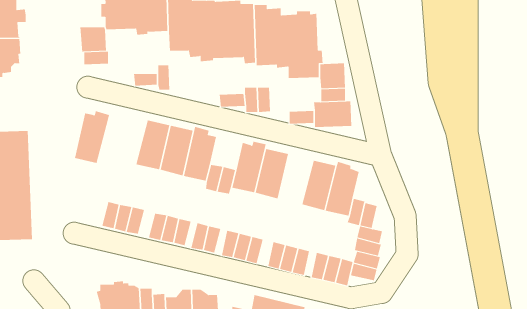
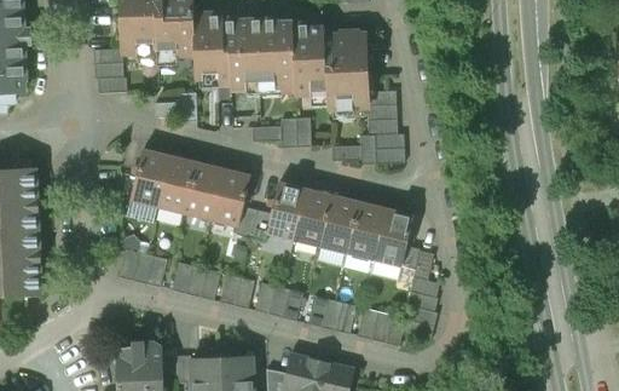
building: [74,111,110,164] -> [129,145,170,206]
building: none -> [319,194,359,252]

